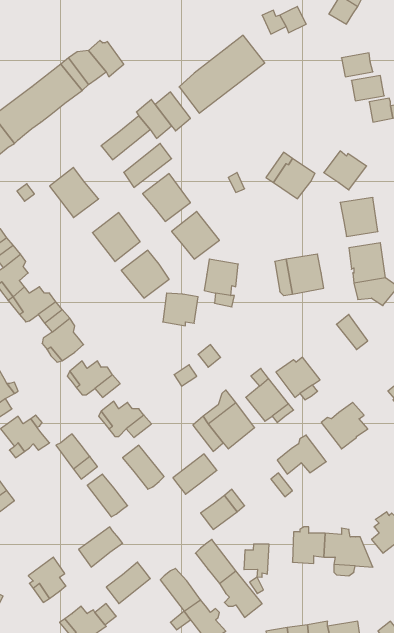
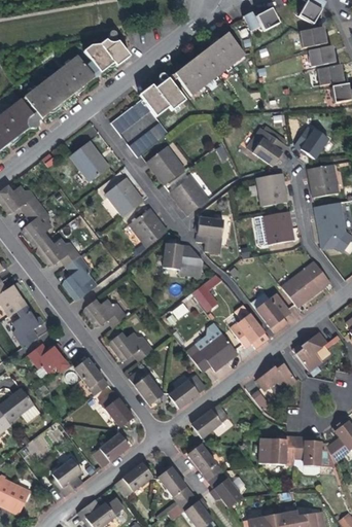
building: none -> [298,27,325,47]
building: none -> [255,173,286,206]
building: none -> [280,269,320,307]
building: [244,544,269,577] -> none

